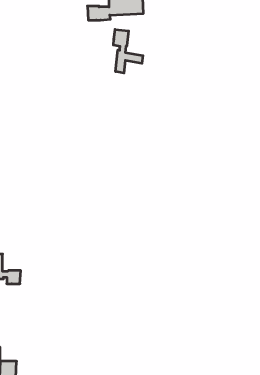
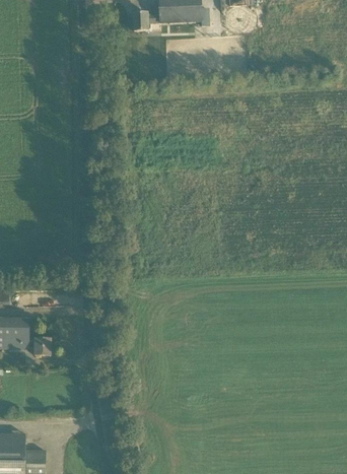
building: [113,29,143,73] -> none

